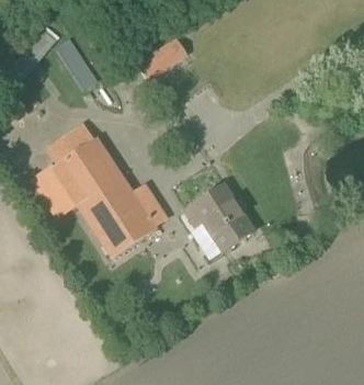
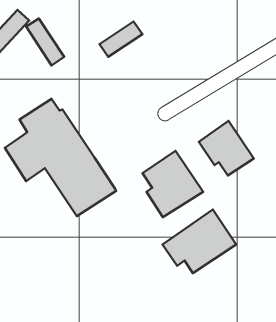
building: none -> [199,121,254,176]
building: none -> [162,210,236,273]

